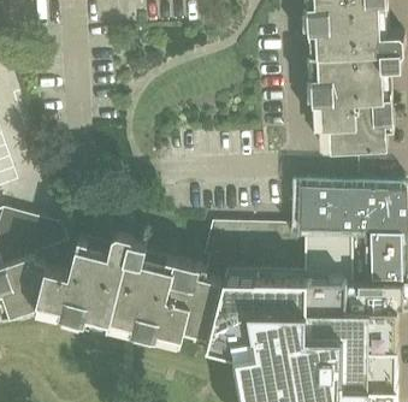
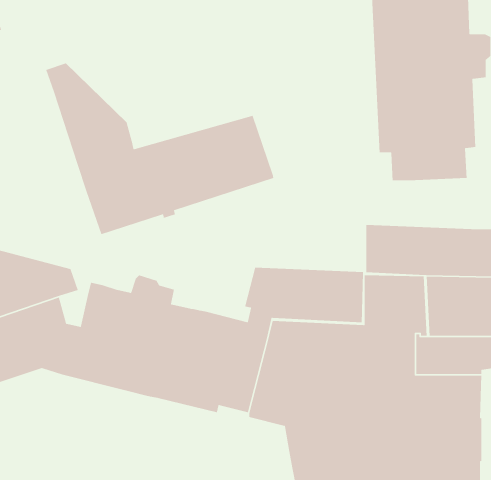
building: none -> [45,62,274,235]

